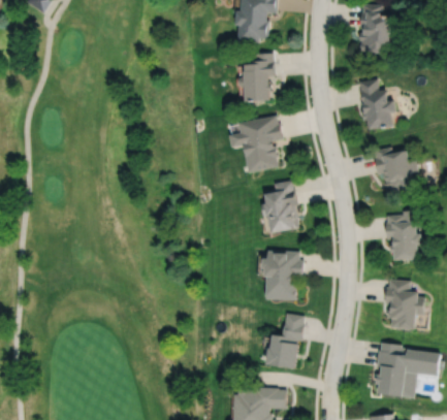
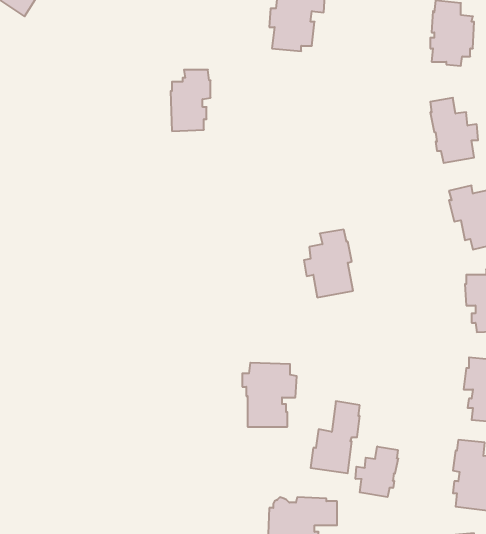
building: [243,54,274,101] -> [171,70,211,131]
building: [228,116,282,172] -> none
building: [261,251,304,300] -> [242,363,297,427]
building: none -> [356,446,398,497]

